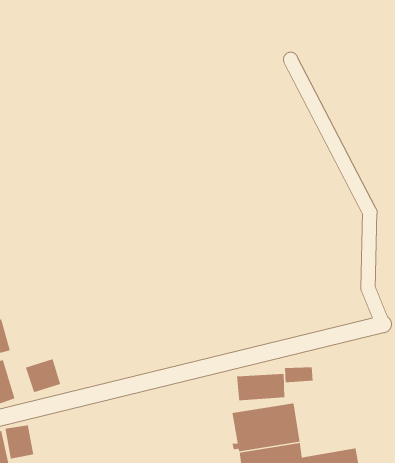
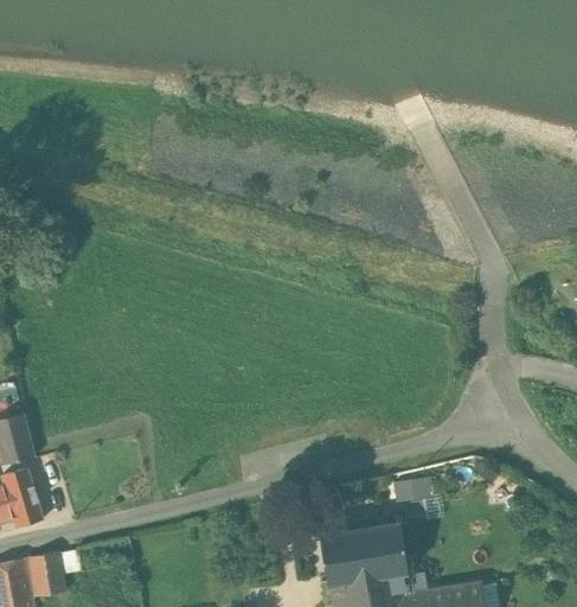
building: [25,358,61,393] -> none
building: [236,373,285,401] -> none

